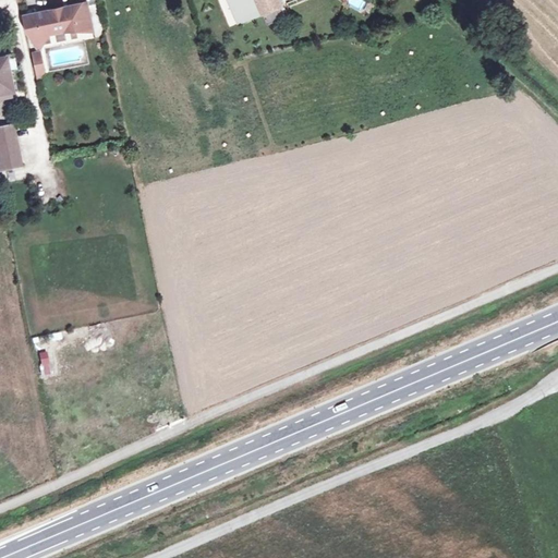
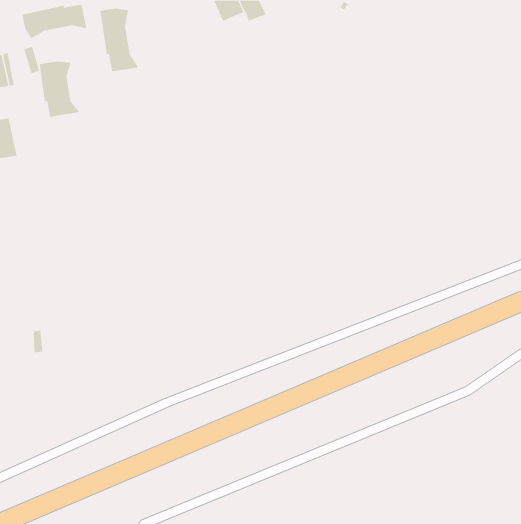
building: none -> [100,8,139,72]
building: none -> [39,61,80,117]

